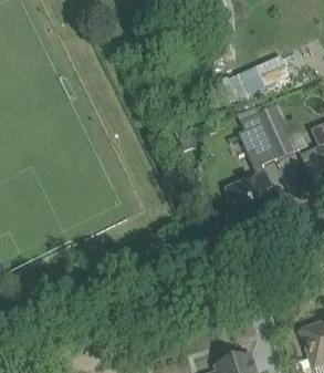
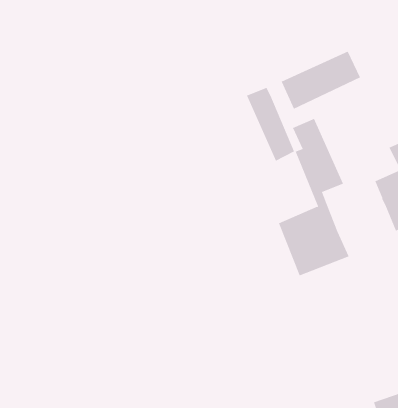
building: [254,97,293,156] -> [246,87,295,161]

